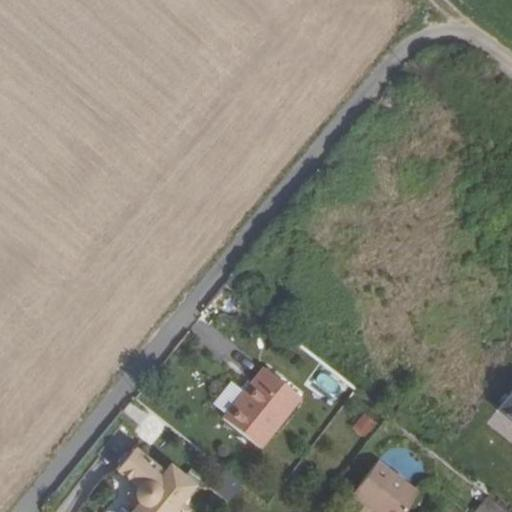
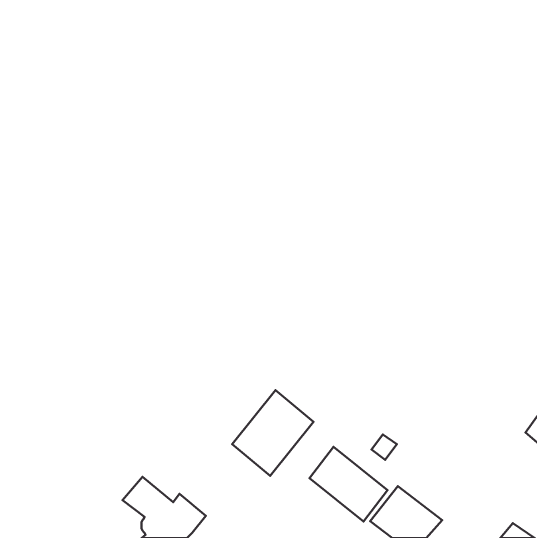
building: none -> [310,447,388,521]

